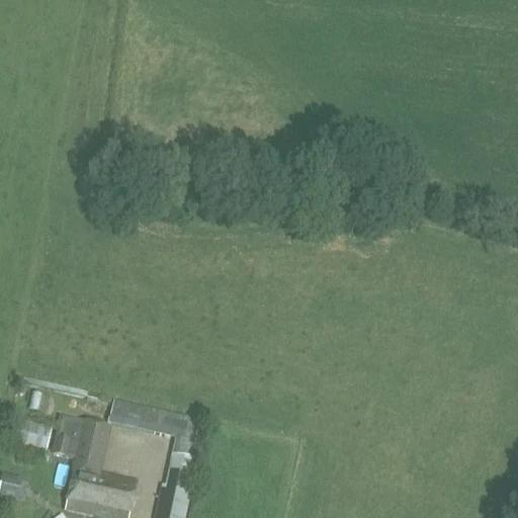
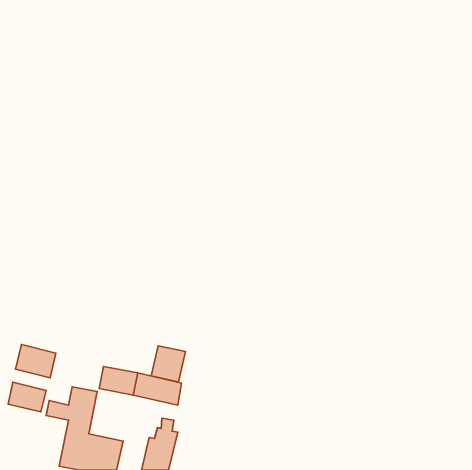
building: none -> [16,345,56,378]
building: none -> [151,346,186,382]

